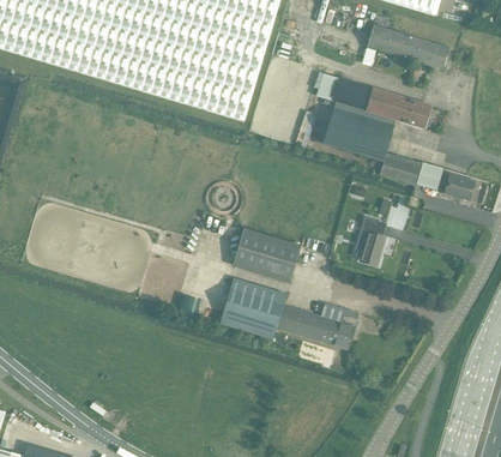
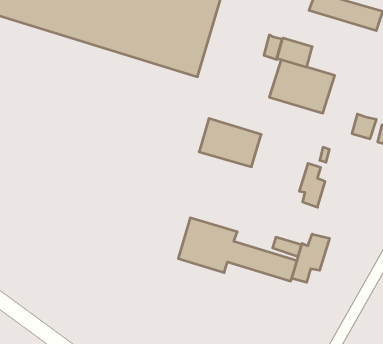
building: [364,86,431,127] -> none
building: [380,152,421,185] -> none
building: [231,227,301,281] -> [199,119,261,167]
building: none -> [292,234,329,282]

